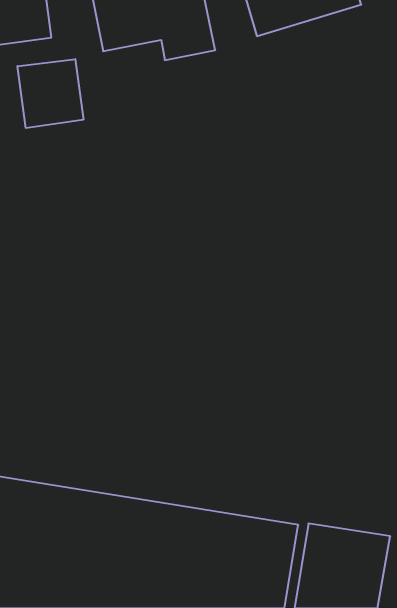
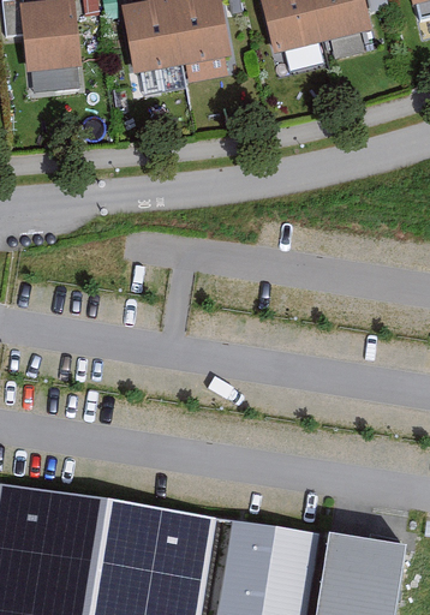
building: [17,59,83,128] -> none

